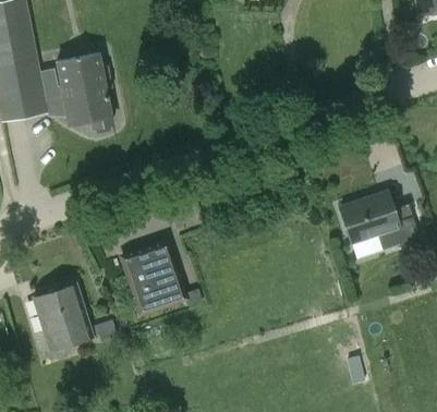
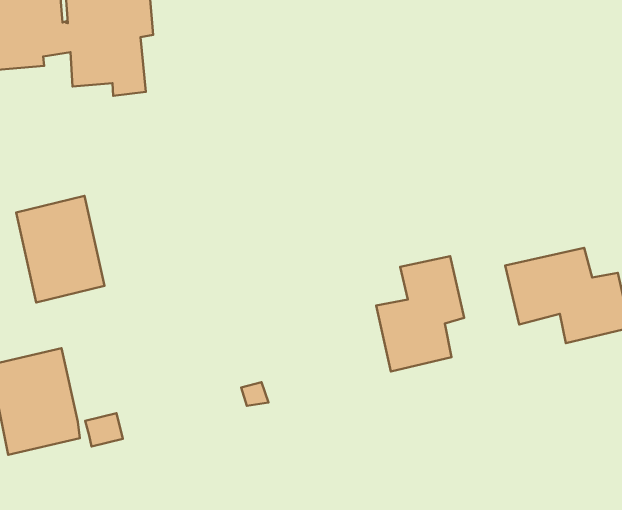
building: none -> [376,256,464,372]
building: [123,244,181,312] -> [16,196,104,303]

